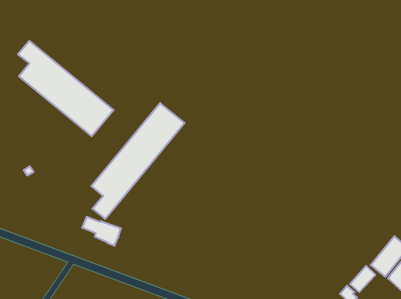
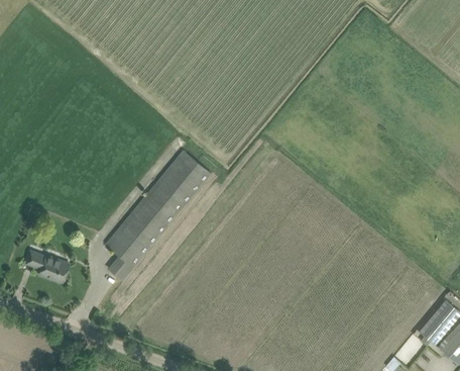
building: [18,41,114,136] -> none
building: [82,217,121,246] -> [25,250,69,282]

